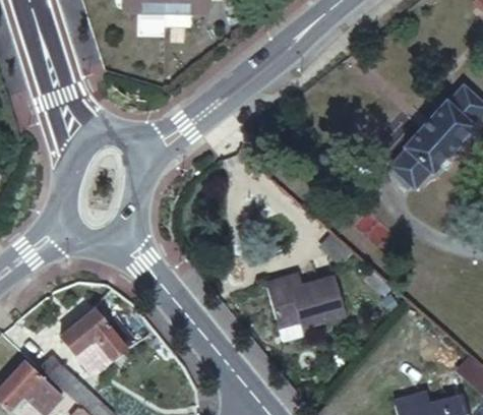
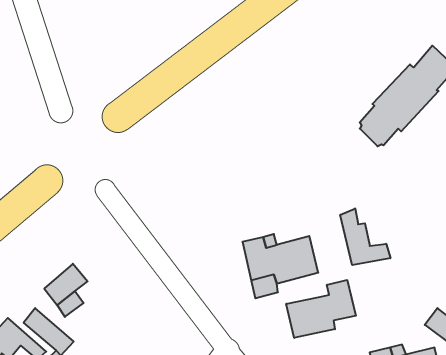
building: none -> [340,208,390,265]
building: none -> [286,280,356,338]

